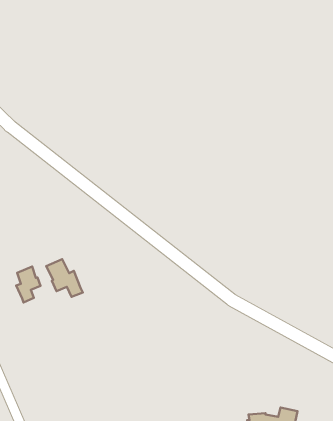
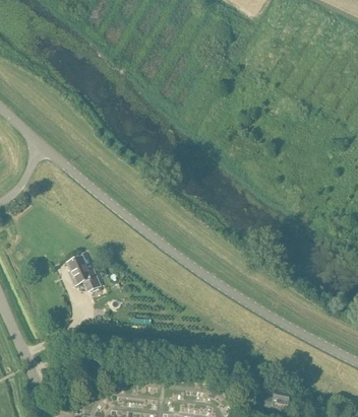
building: [16,266,41,302] -> none

